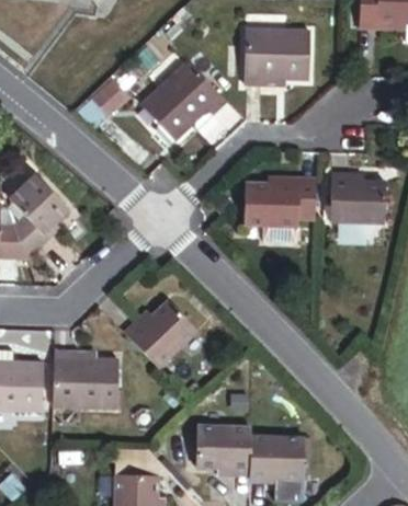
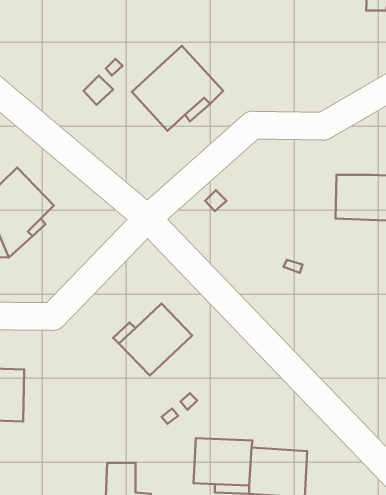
building: [243,30,310,83] -> none
building: [245,183,316,227] -> none
building: [53,349,118,407] -> none

